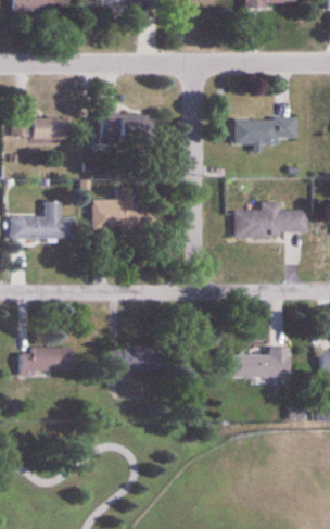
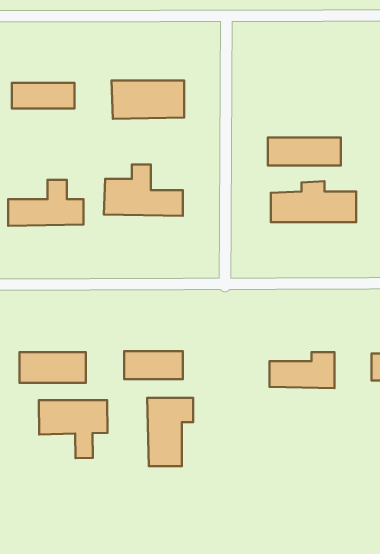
building: [233,119,295,143] -> [268,138,341,166]
building: none -> [147,398,193,466]
building: none -> [39,400,107,458]

